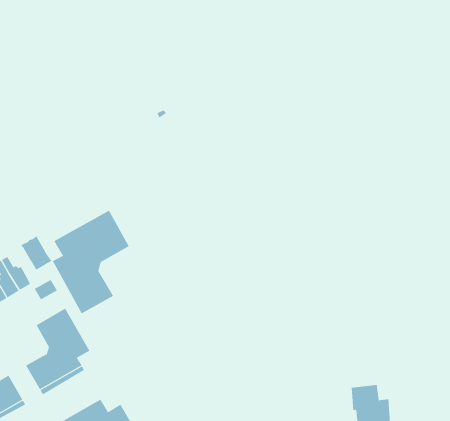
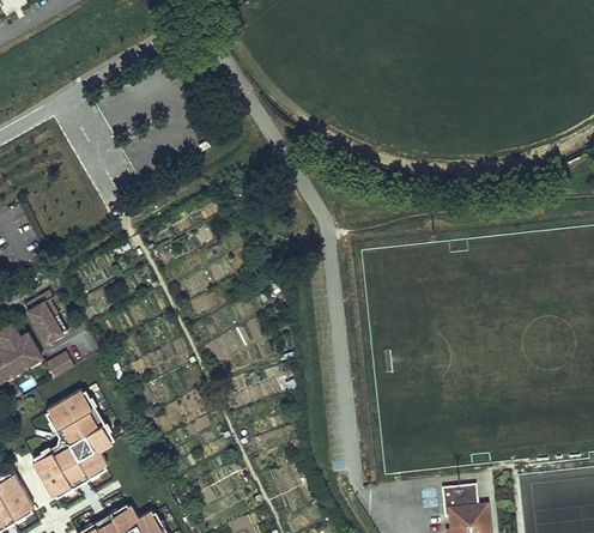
building: [52,210,130,314] -> none

